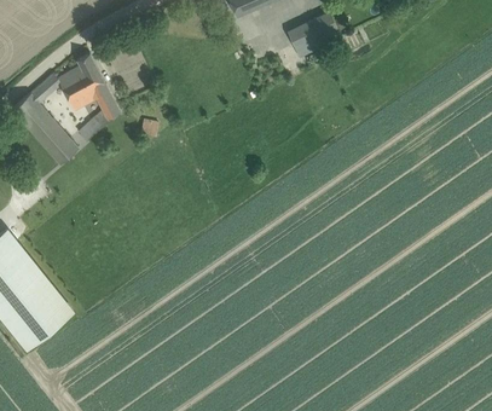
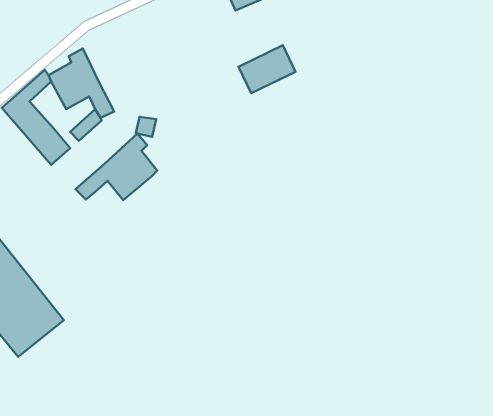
building: [286,12,341,58] -> [239,45,295,93]
building: none -> [76,133,157,200]

